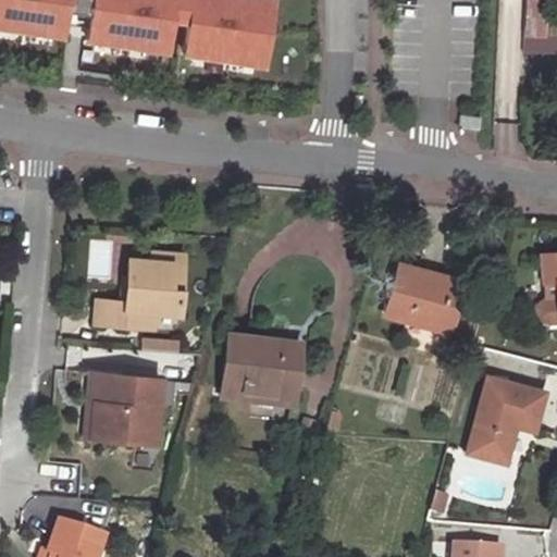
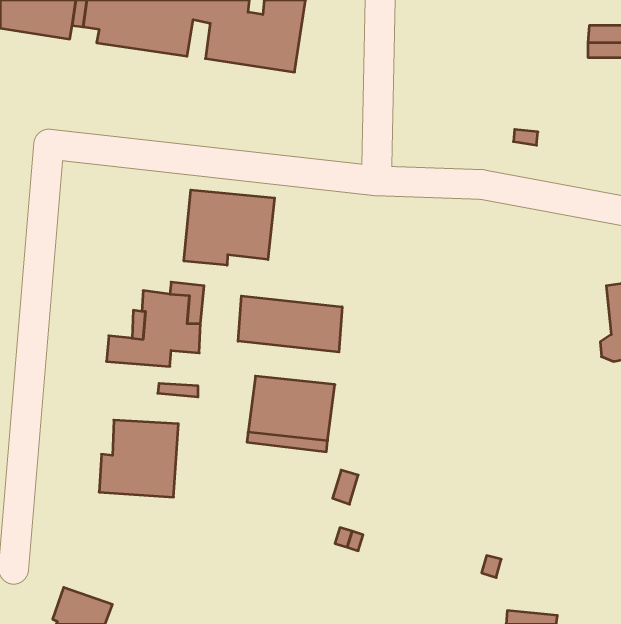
building: none -> [184,190,275,265]
building: none -> [238,296,342,352]
building: [387,265,463,325] -> none
building: [467,376,545,462] -> none

